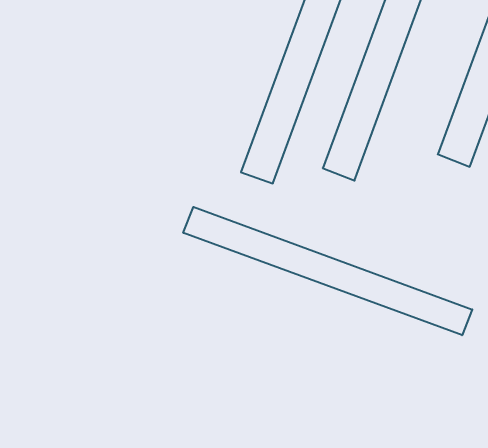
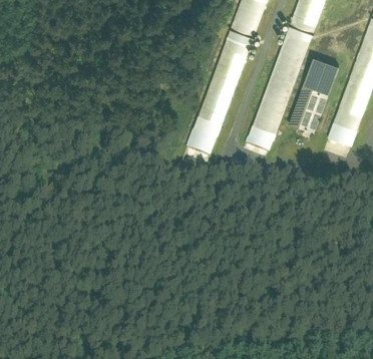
building: none -> [289,56,339,133]
building: [183,207,472,335] -> none

